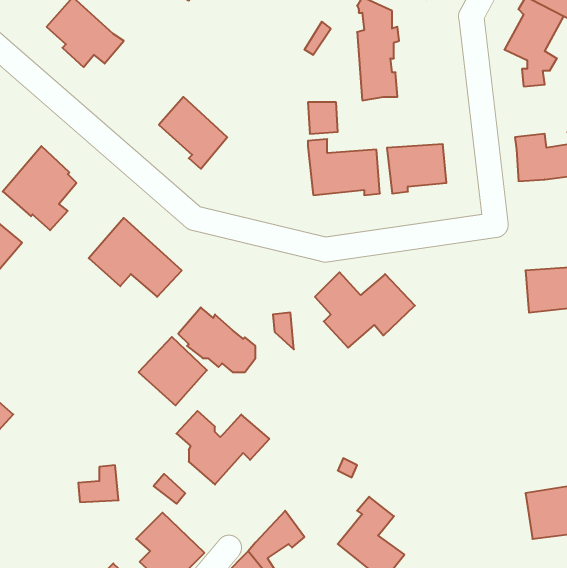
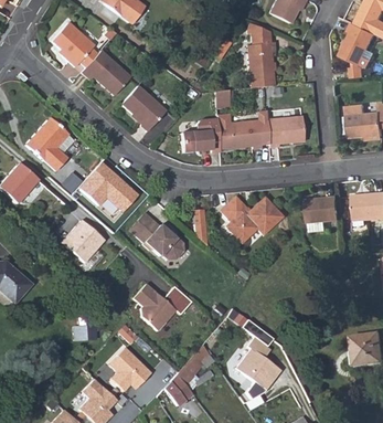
building: none -> [82,50,130,94]
building: none -> [180,116,220,150]
building: none -> [306,197,341,232]
building: [139,337,207,405] -> [61,218,104,261]

